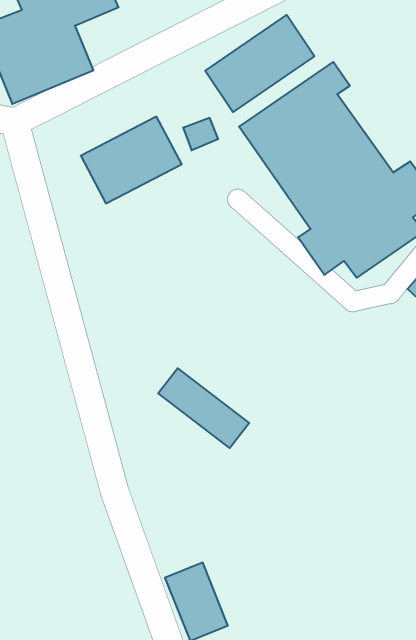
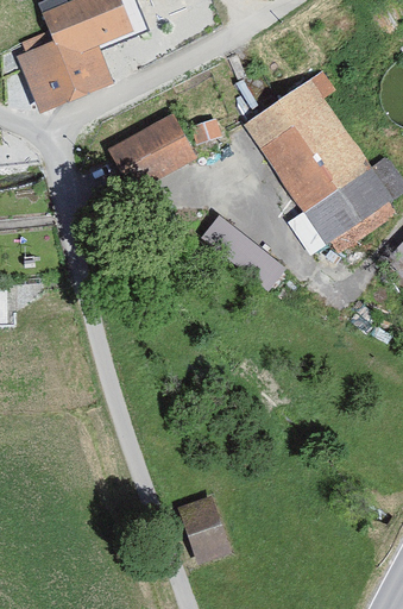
building: [205,15,314,112] -> none
building: [158,368,249,448] -> [200,219,277,287]

